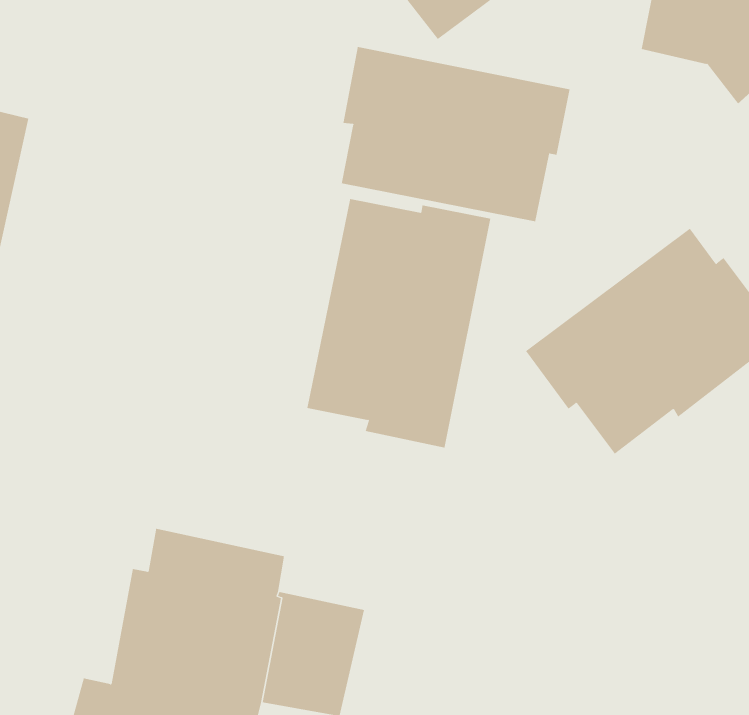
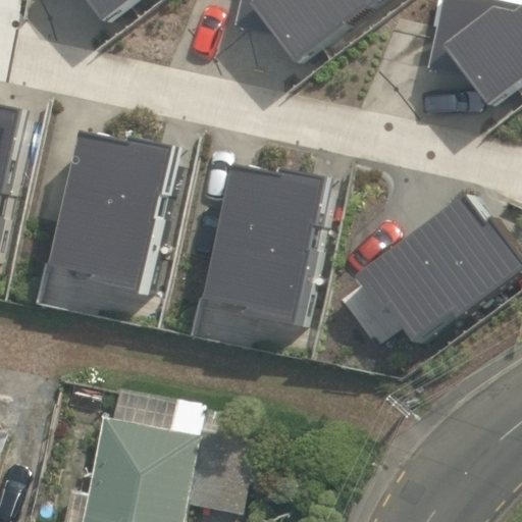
building: [341,46,570,222] -> none
building: none -> [57,143,178,306]

